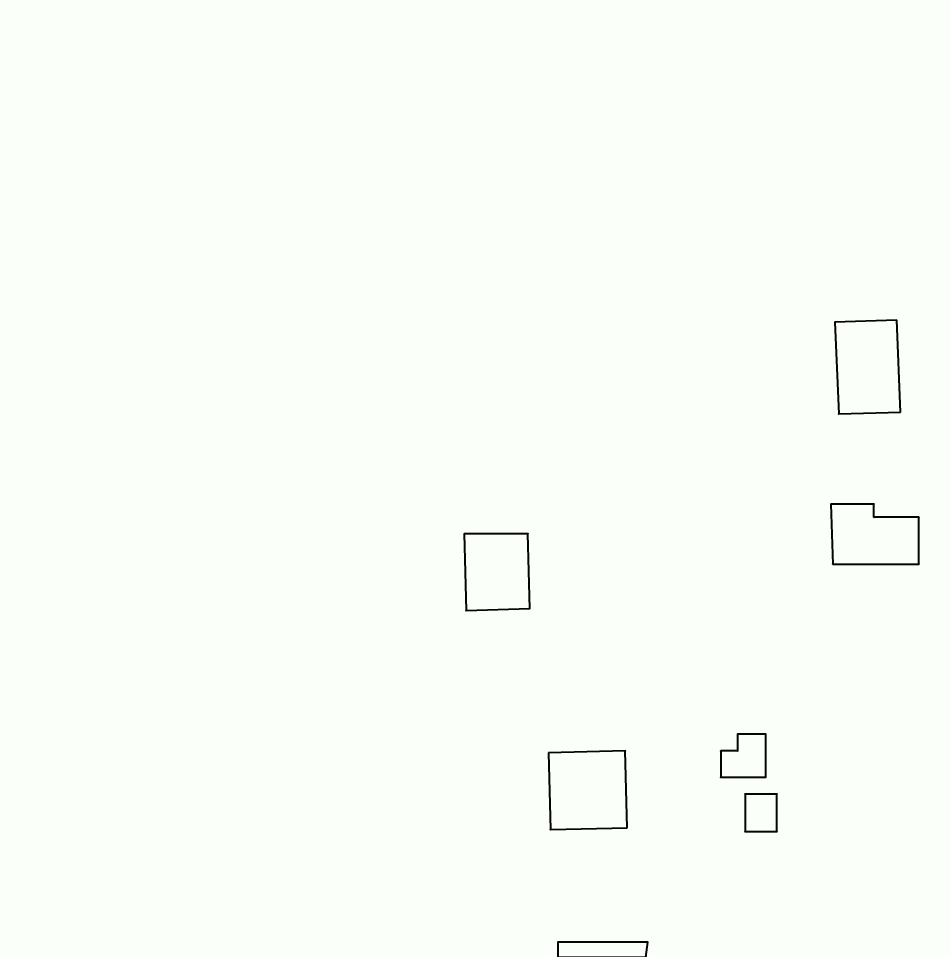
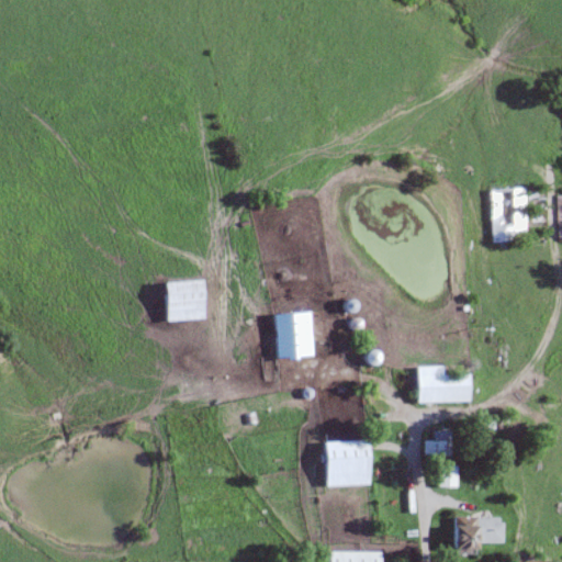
building: none -> [166,280,205,321]
building: [831,504,919,564] -> [418,367,470,402]
building: none -> [456,517,504,553]

